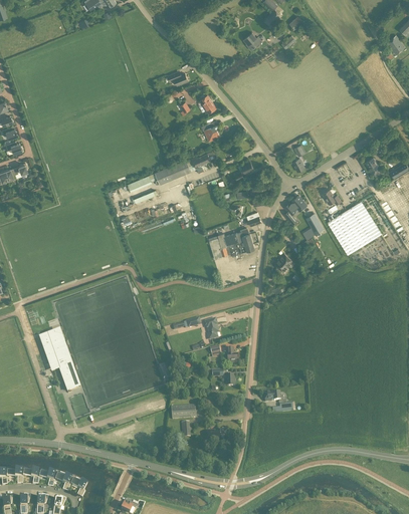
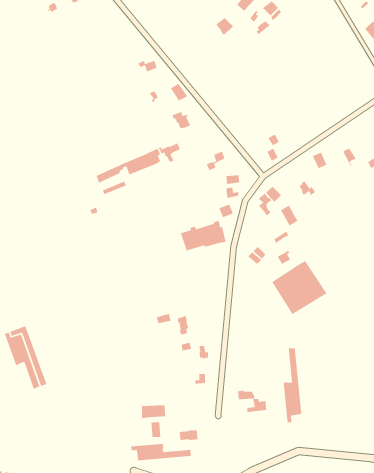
building: [327,201,381,254] -> [271,260,327,315]
building: none -> [283,347,302,423]
building: none -> [131,443,191,461]

